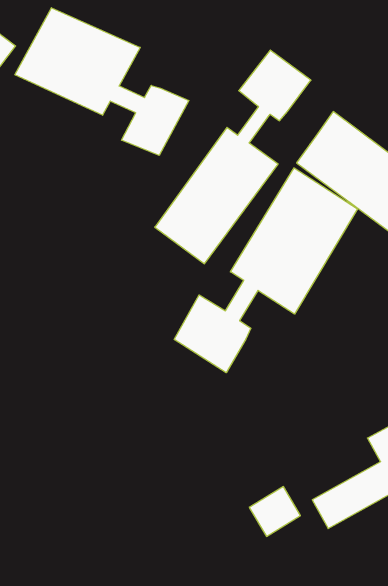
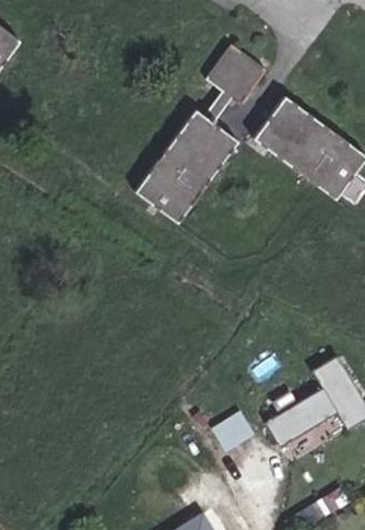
building: [15,8,189,155] -> none
building: [174,168,357,373] -> none

